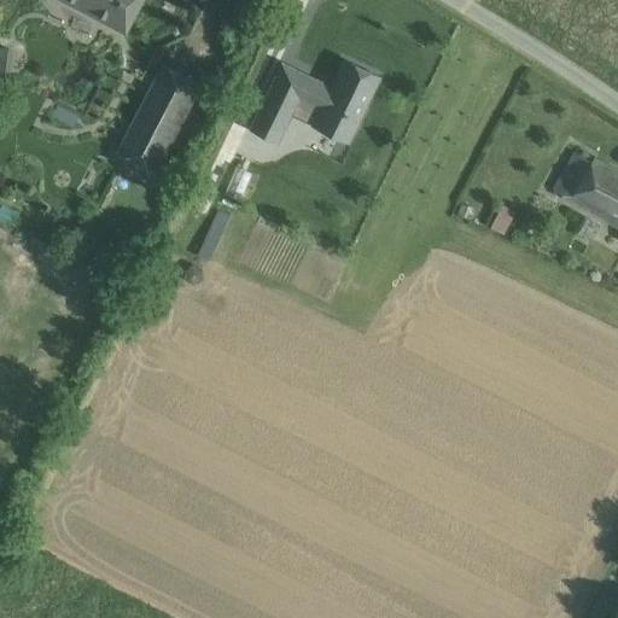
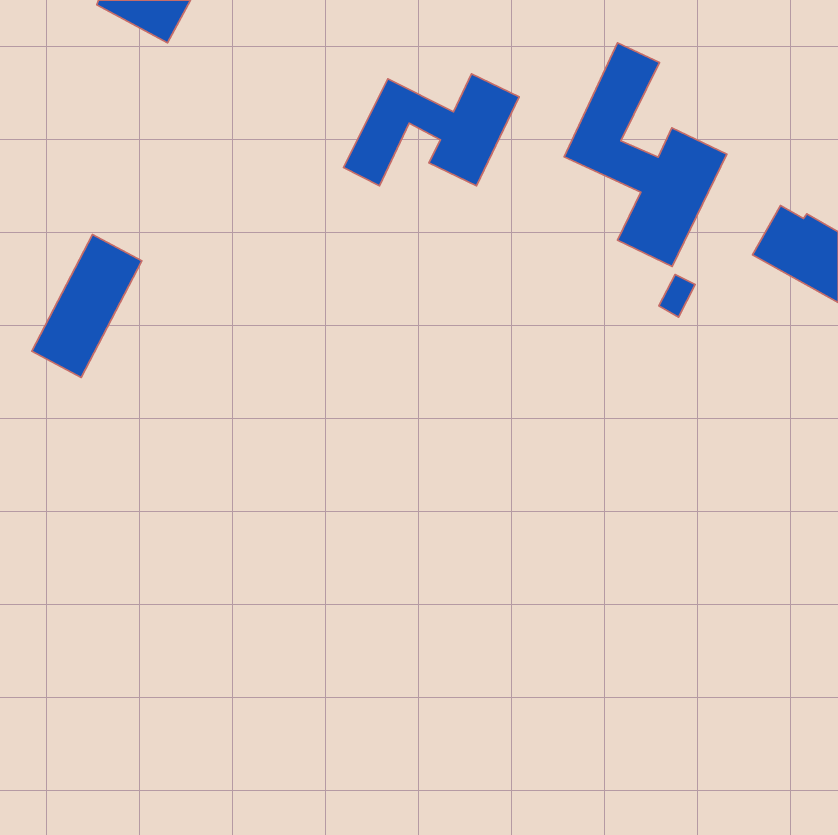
building: none -> [564,43,727,267]
building: [117,69,198,174] -> [32,235,142,378]

